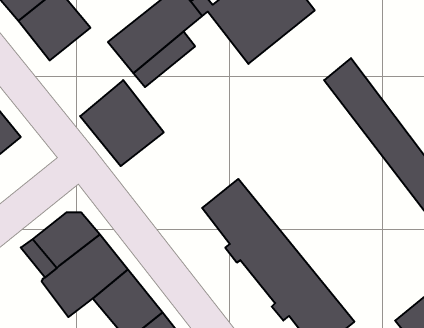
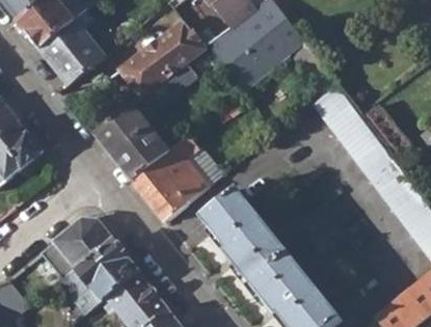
building: none -> [131,134,220,221]

